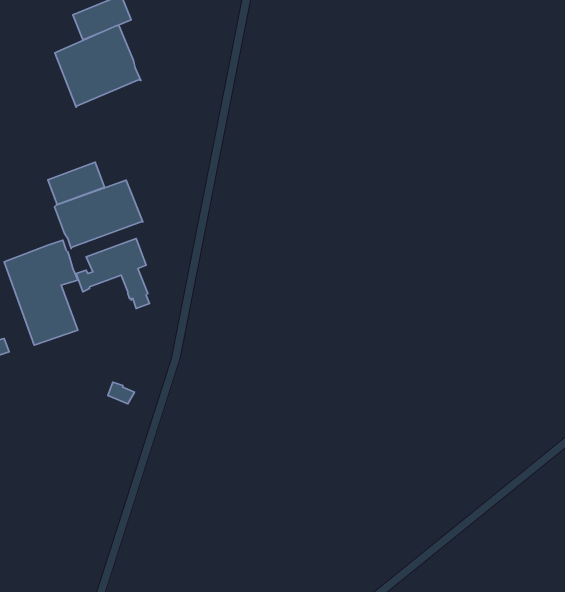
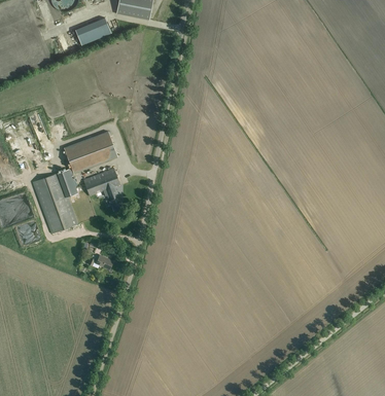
building: [55,26,141,107] -> none
building: [48,162,105,205] -> none

